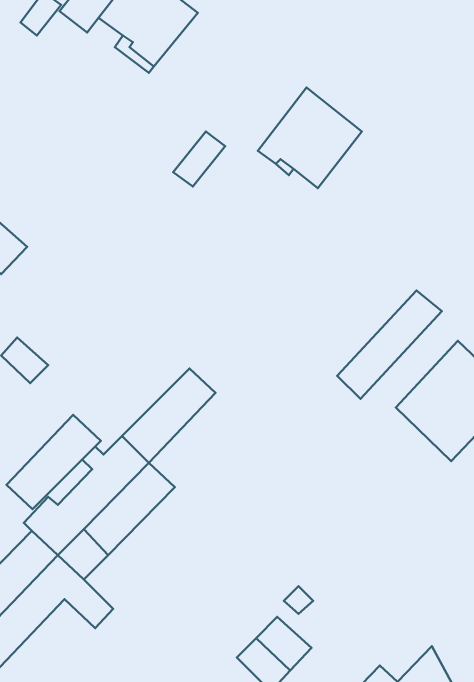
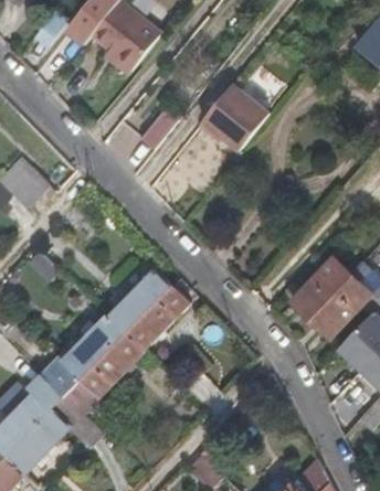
building: [337,290,442,399] -> none
building: [7,415,101,509] -> [125,288,189,352]

